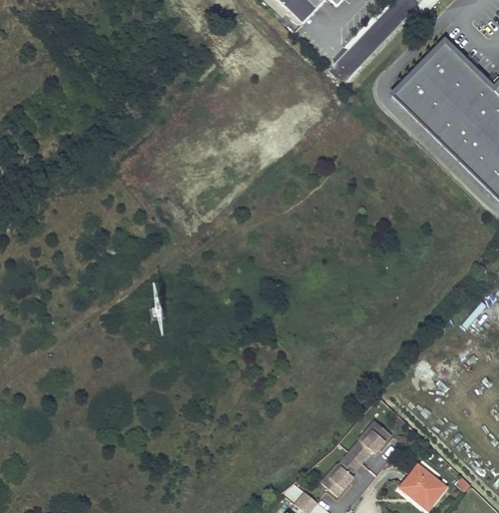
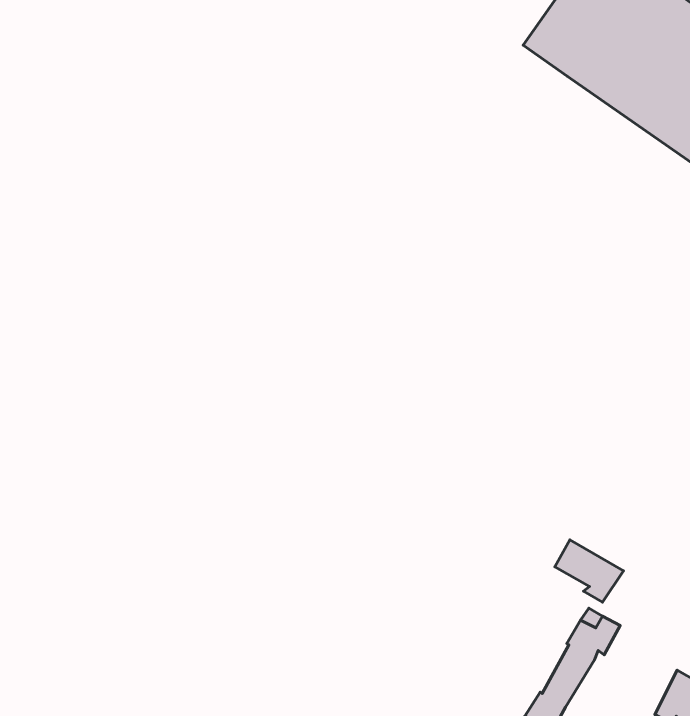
building: none -> [555,540,623,602]

